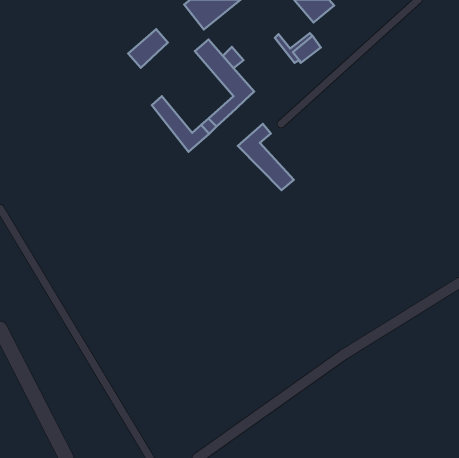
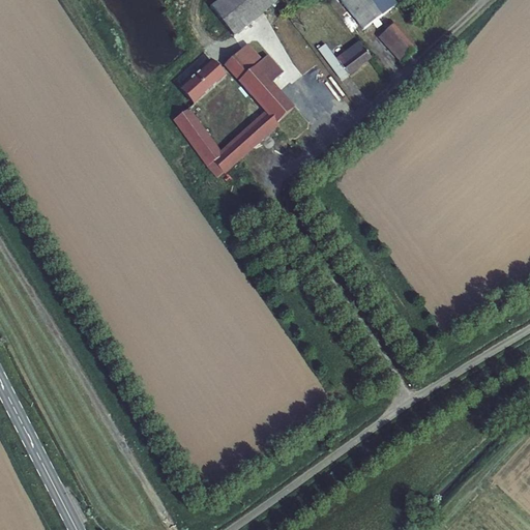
building: none -> [380,22,416,59]
building: [128,29,168,68] -> [179,59,225,104]
building: [238,124,294,190] -> none

